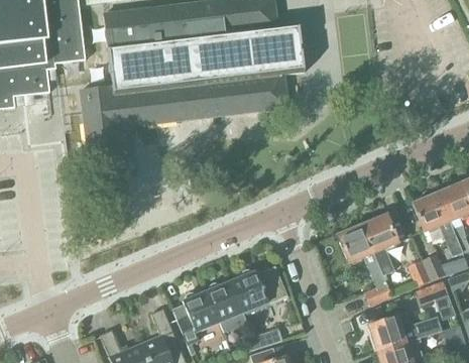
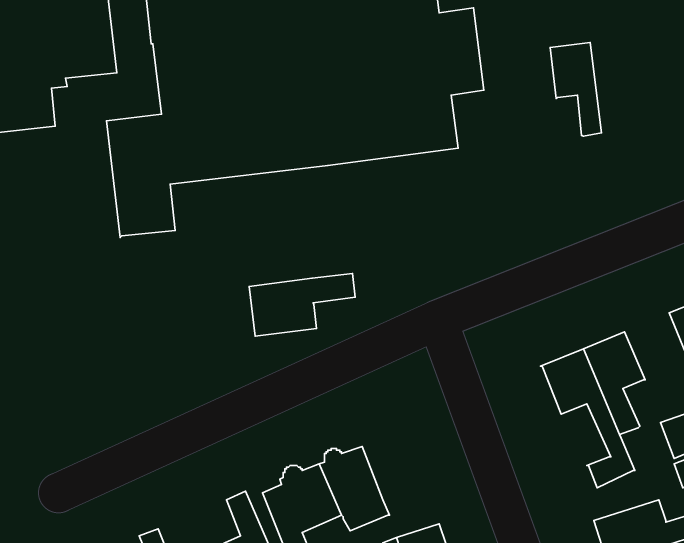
building: none -> [550,42,601,136]
building: none -> [249,273,355,336]
building: [231,267,286,313] -> none

